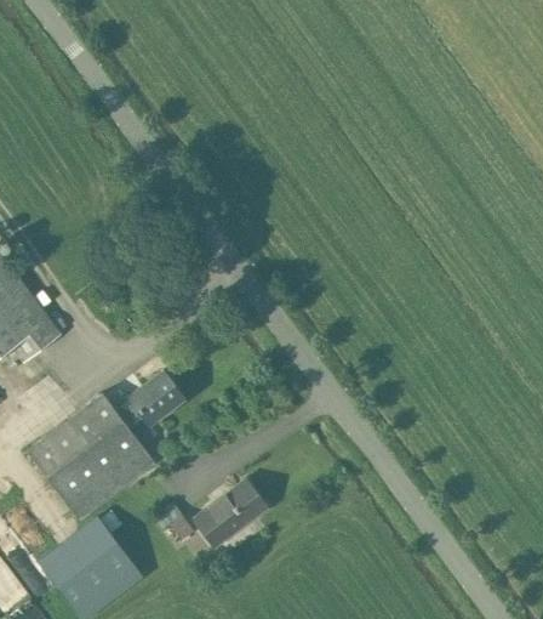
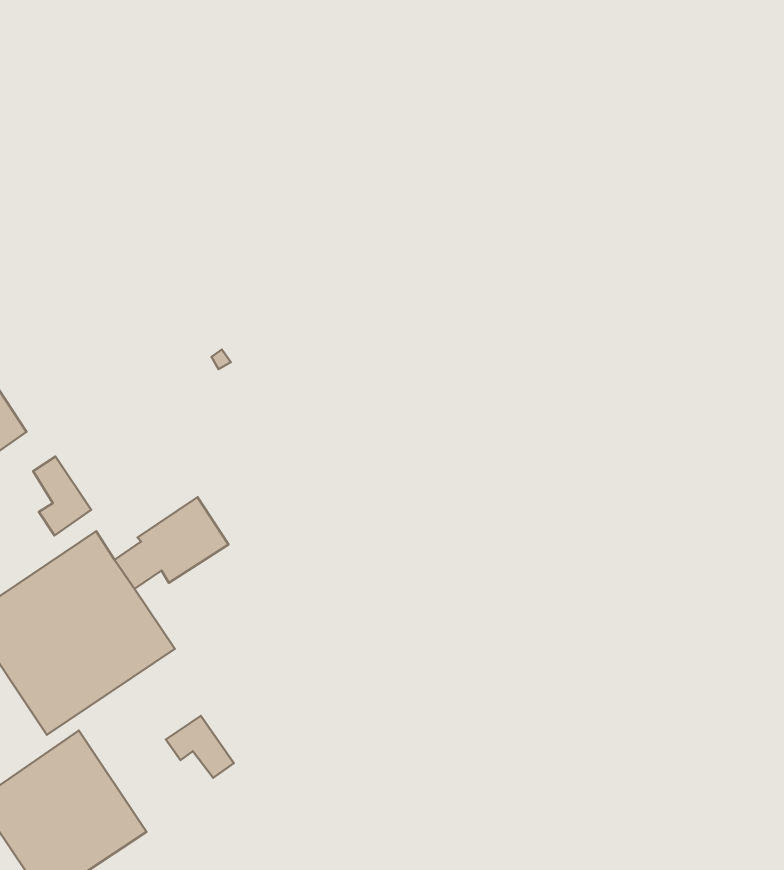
building: none -> [33,457,91,535]
building: [192,477,267,547] -> none

